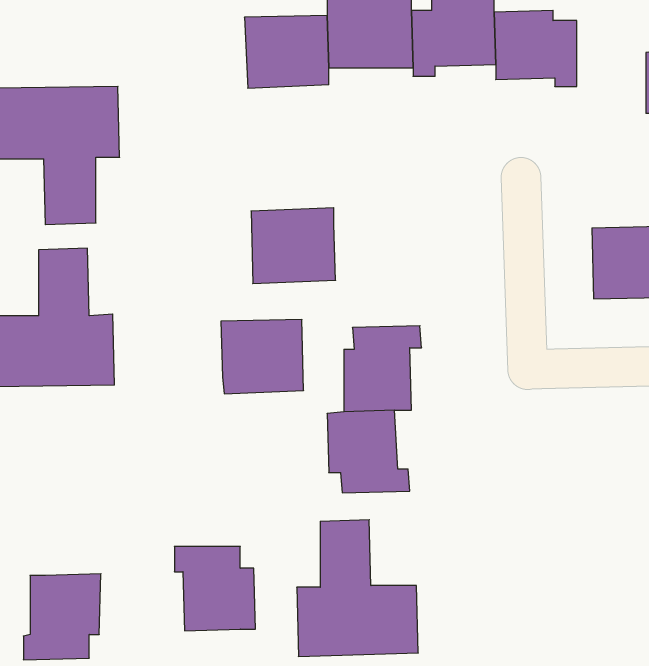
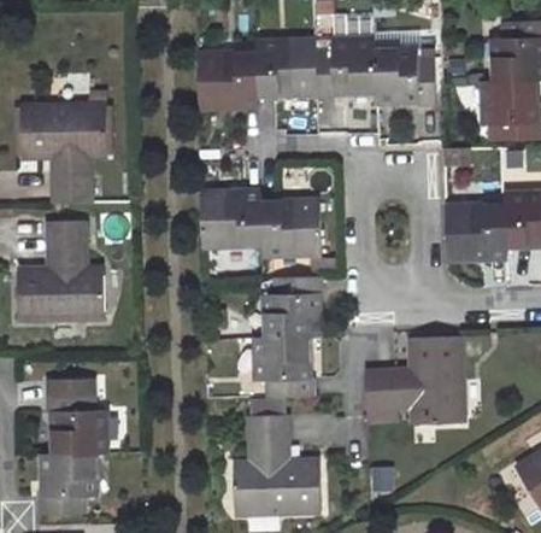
building: [221,320,304,394] -> [260,201,319,254]
building: none -> [365,335,463,423]
building: [174,546,255,631] -> [47,393,105,453]

